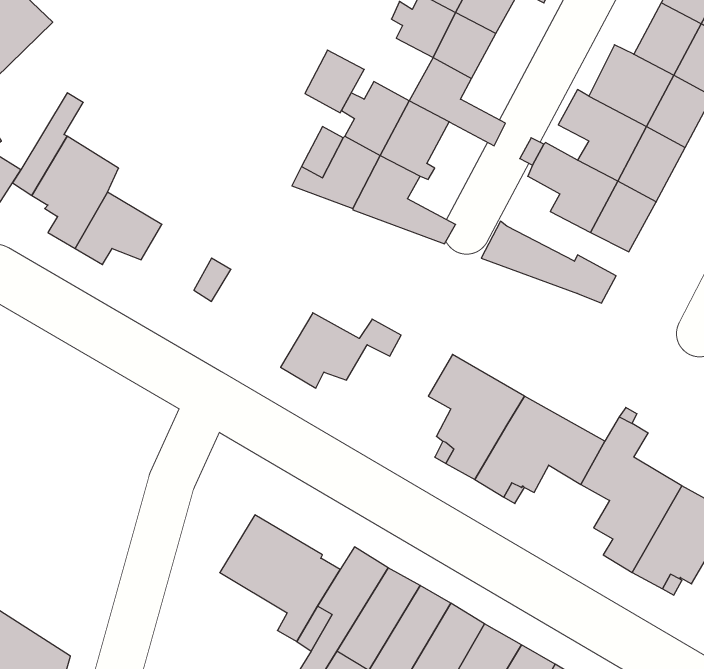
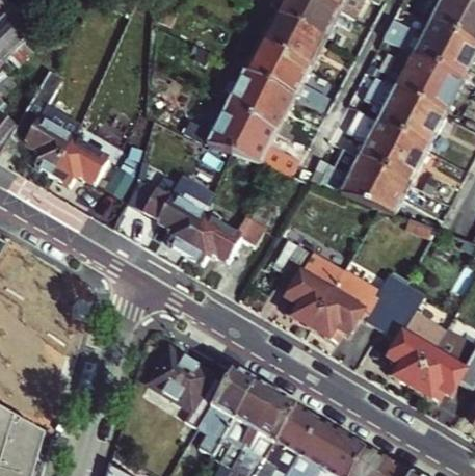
building: [305,50,364,113] -> [245,39,284,80]
building: none -> [332,142,411,193]
building: none -> [144,181,211,253]

